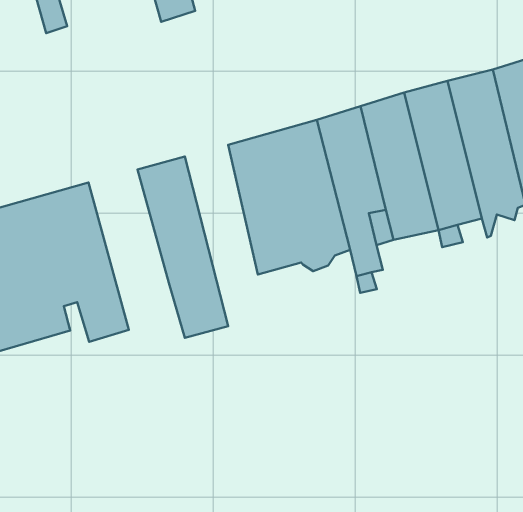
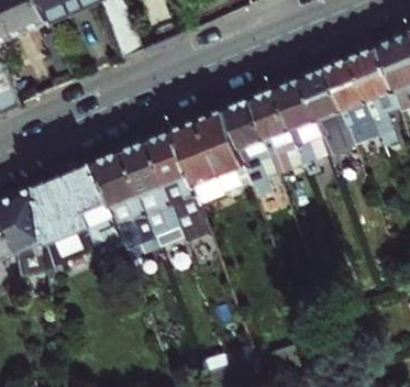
building: none -> [147,128,210,242]
building: none -> [91,148,159,258]

